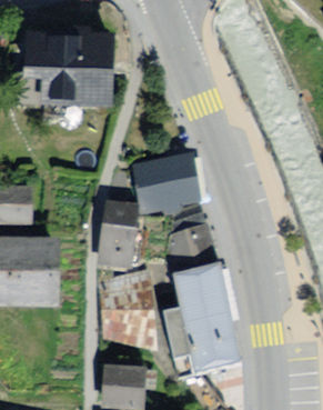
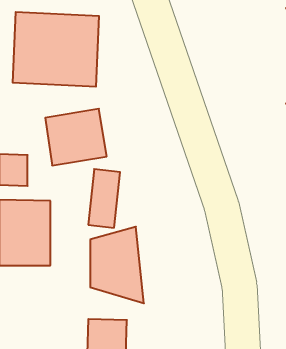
building: [132,149,201,212] -> [45,109,107,165]
building: [168,222,216,266] -> none
building: [171,264,241,374] -> none

